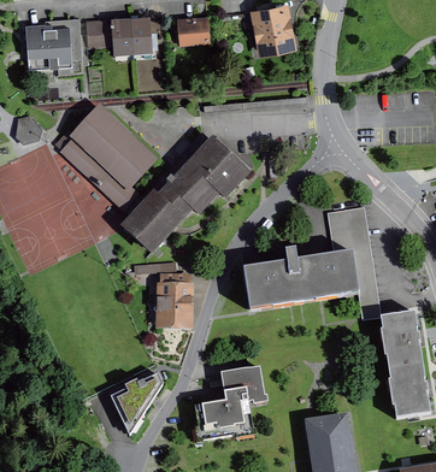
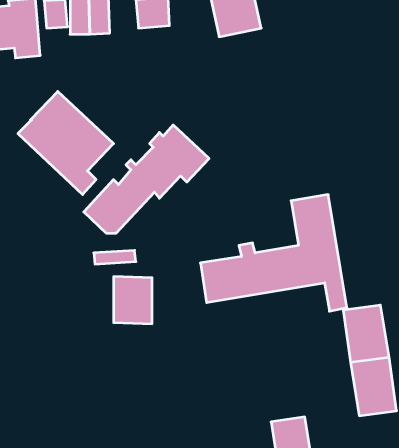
building: [199,366,264,437] -> none
building: [108,373,163,438] -> none

